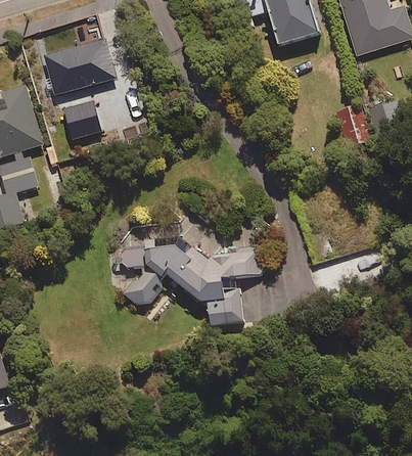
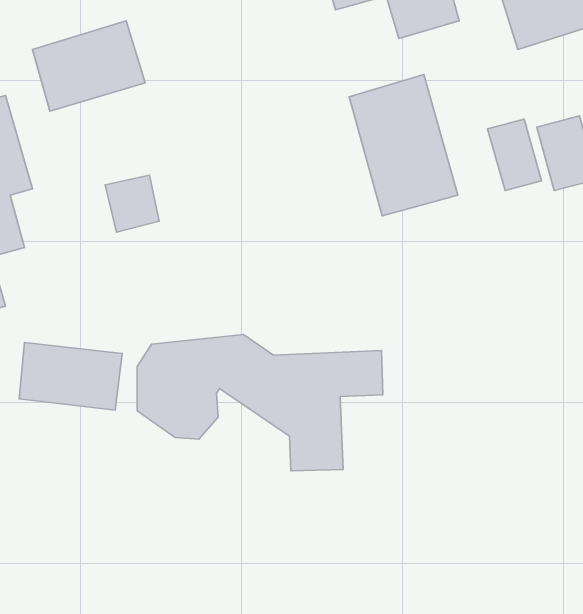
building: none -> [349,74,458,216]
building: [64,101,99,138] -> [105,175,159,232]
building: none -> [19,342,122,410]

